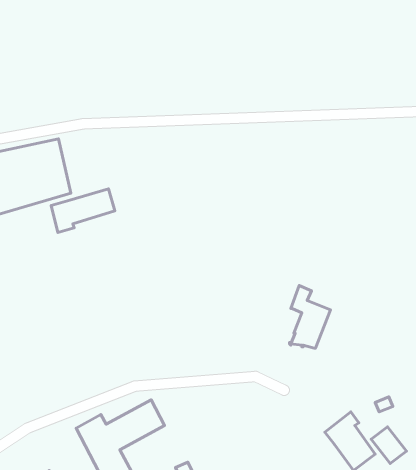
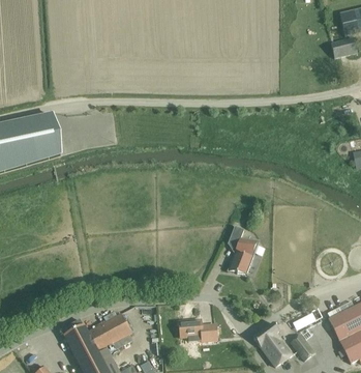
building: [51,189,115,233] -> none
building: none -> [179,318,217,340]

